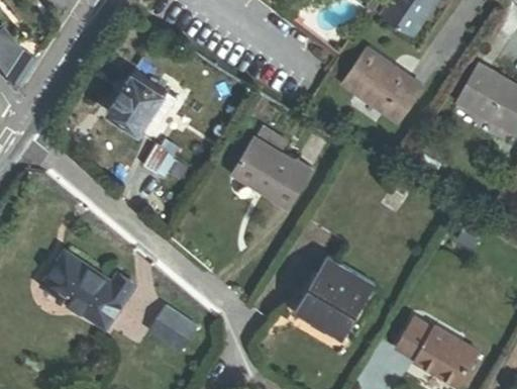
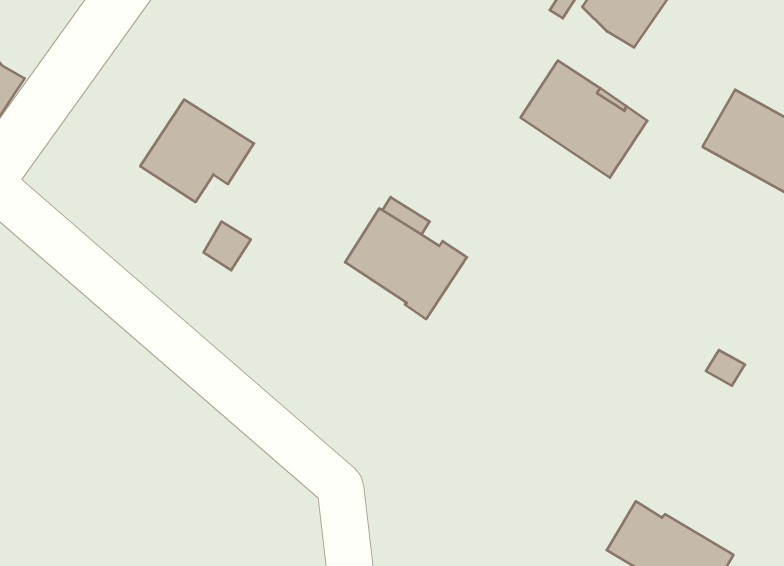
building: [42,253,133,326] -> none
building: [297,257,375,336] -> none
building: [148,305,198,352] -> none

